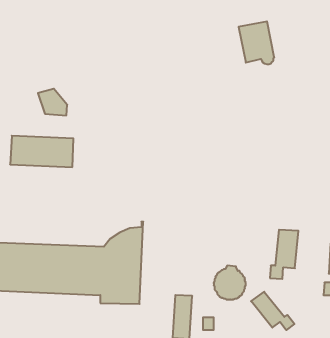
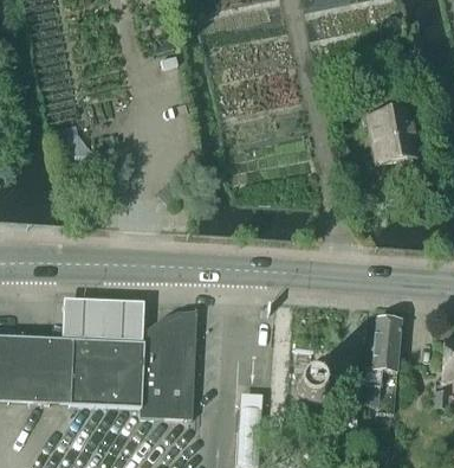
building: [239,21,274,64] -> [369,108,416,165]
building: [10,136,73,167] -> [61,296,145,338]
building: [251,292,294,330] -> none

